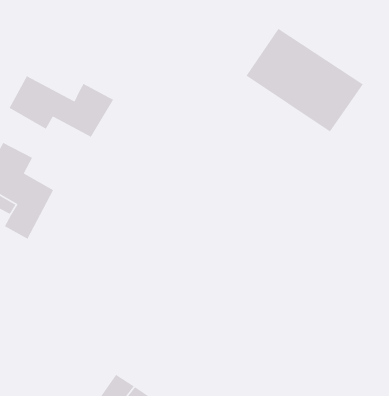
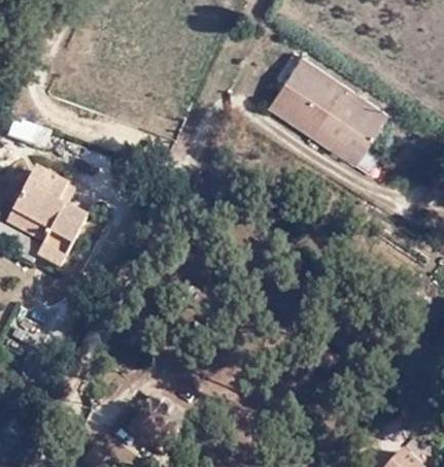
building: [8,75,114,138] -> none

